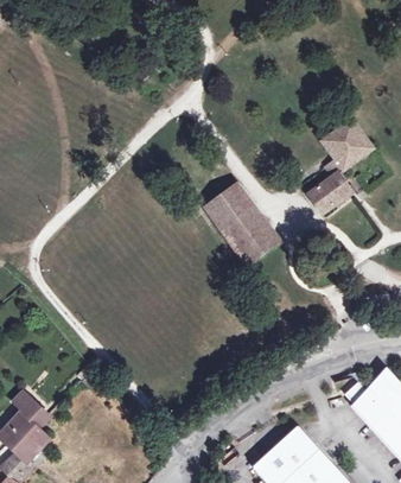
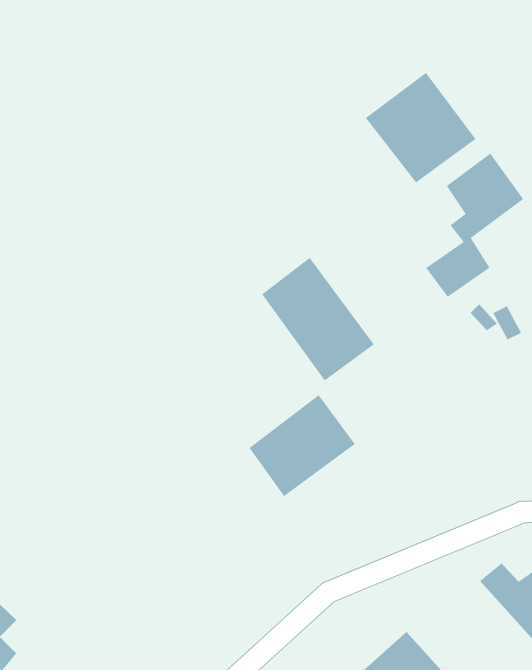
building: none -> [365,72,476,183]
building: none -> [248,394,356,497]

